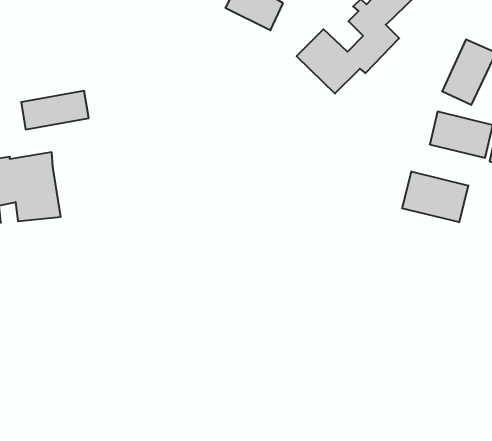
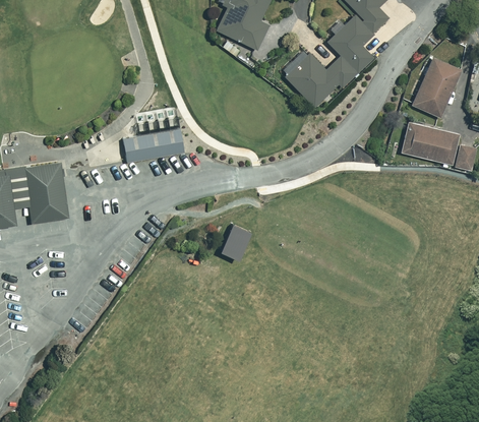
building: [21,91,89,129] -> [123,127,184,162]
building: [402,171,468,222] -> none
building: none -> [220,223,251,259]

